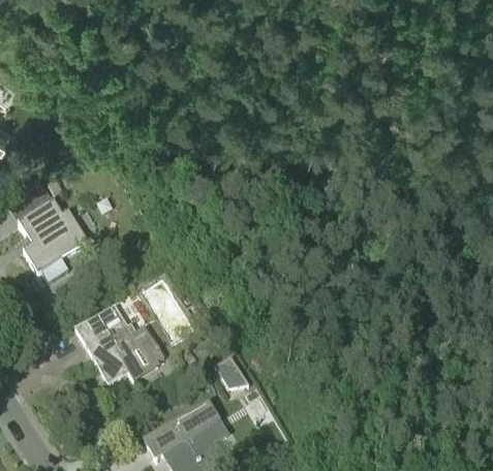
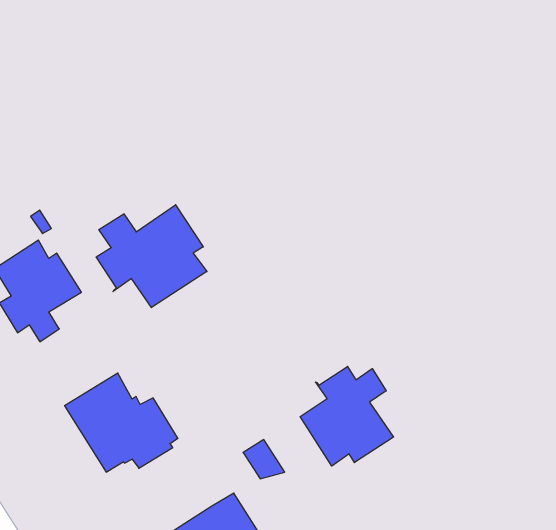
building: none -> [96,205,207,308]
building: none -> [300,366,394,466]

